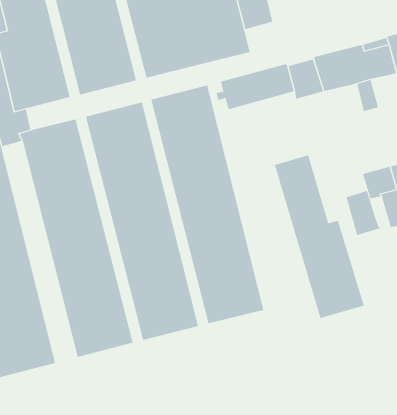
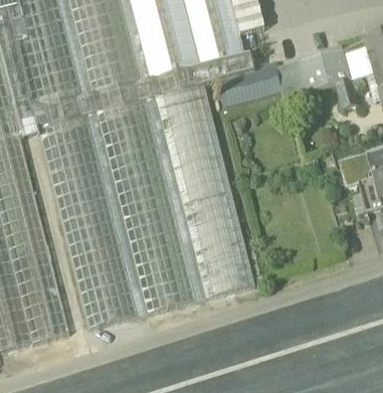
building: none -> [42,53,252,125]
building: [274,155,365,319] -> none
building: [346,190,380,236] -> none

